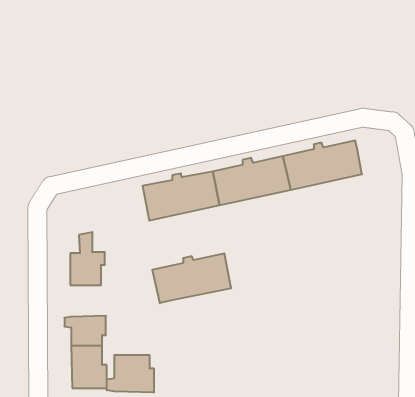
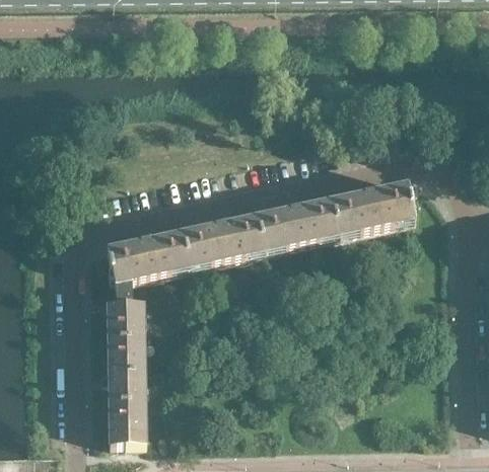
building: [152,253,231,303] -> [108,229,191,282]
building: none -> [108,333,145,367]
building: [107,355,154,393] -> none

